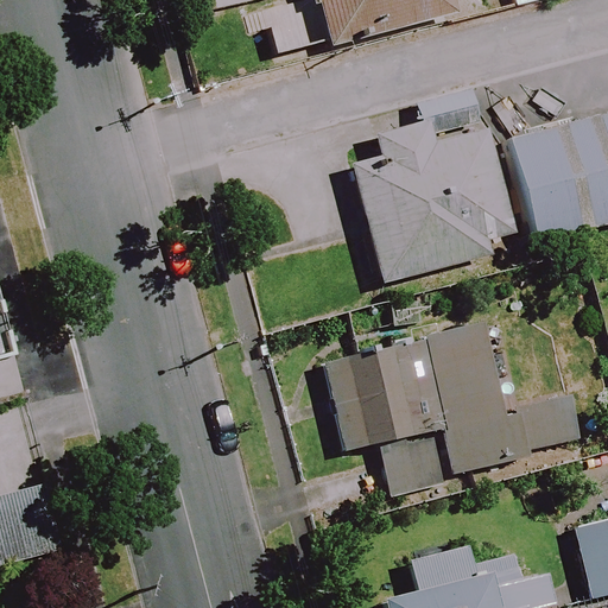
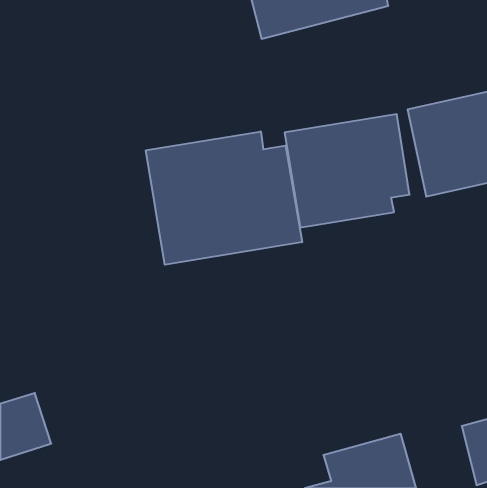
building: none -> [146,131,302,265]
building: [321,318,563,471] -> none

